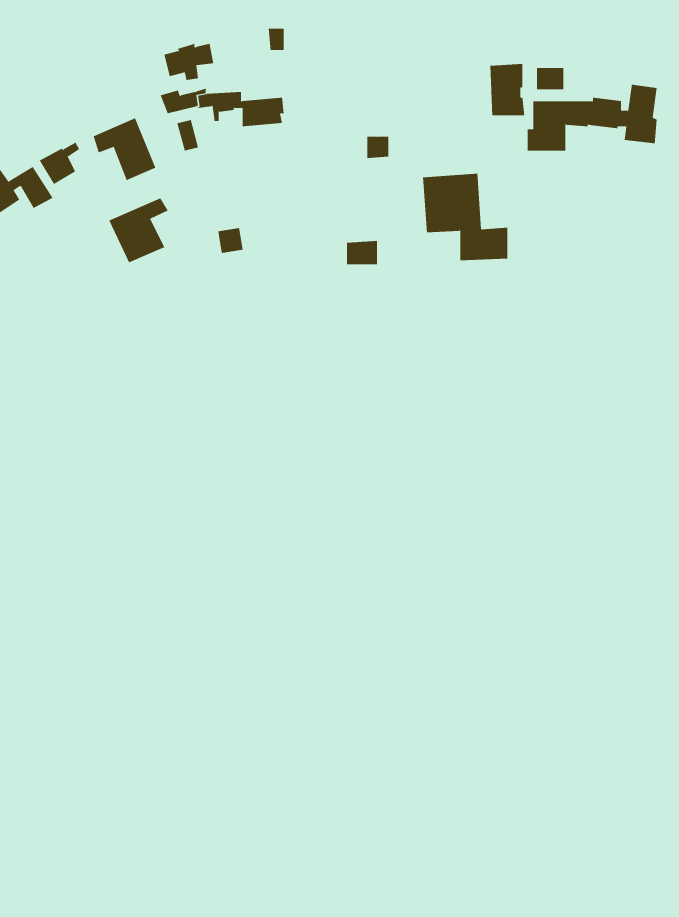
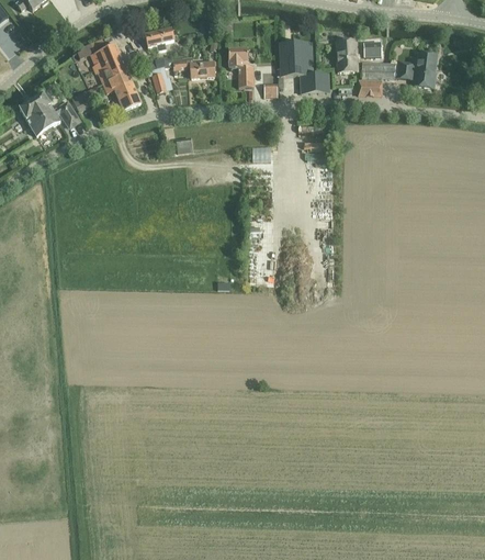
building: none -> [90,44,127,83]
building: none -> [227,48,253,88]
building: [422,173,508,261] -> [278,42,328,93]
building: [108,197,168,263] -> none

